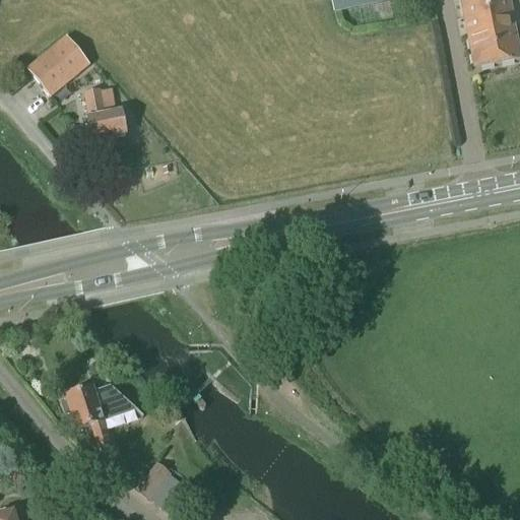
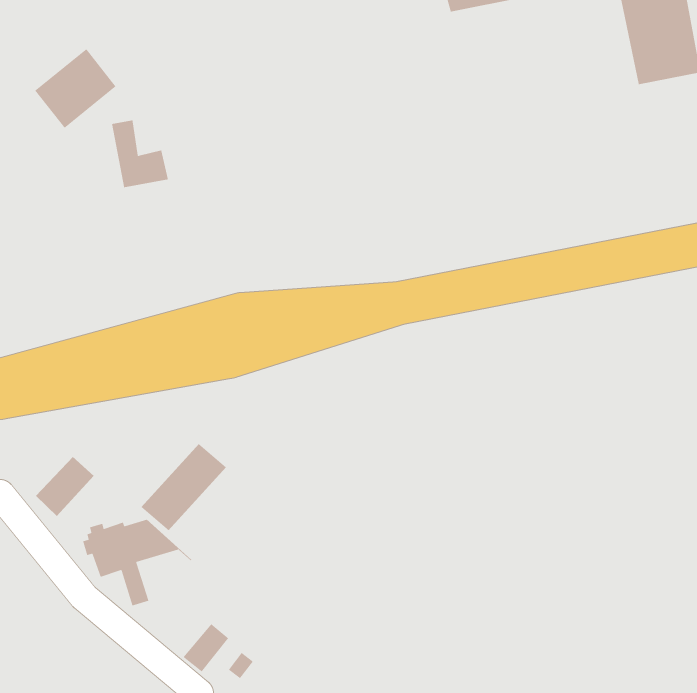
building: none -> [140,443,227,531]
building: none -> [35,456,95,517]

